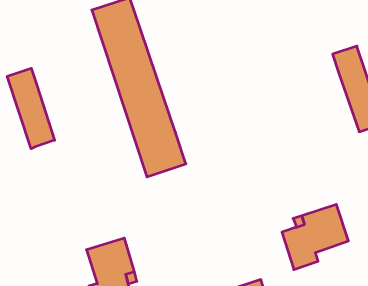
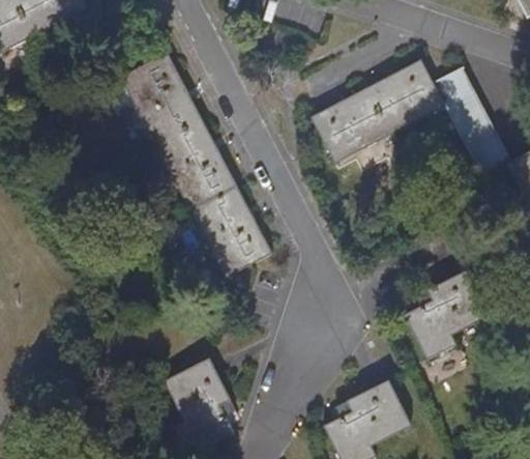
building: none -> [312,59,443,163]
building: [7,68,55,149] -> none

